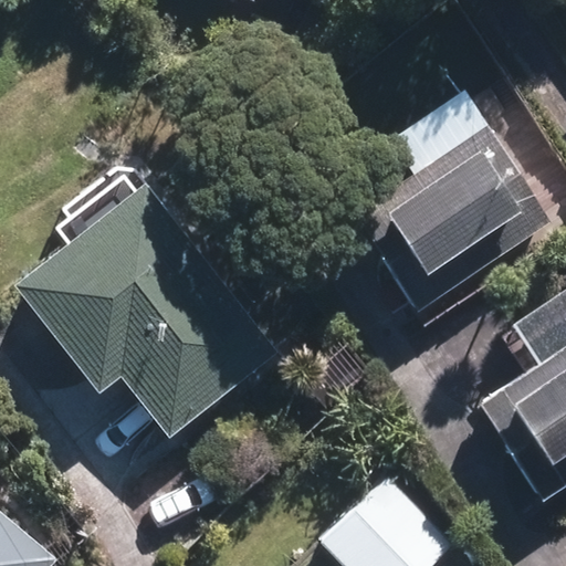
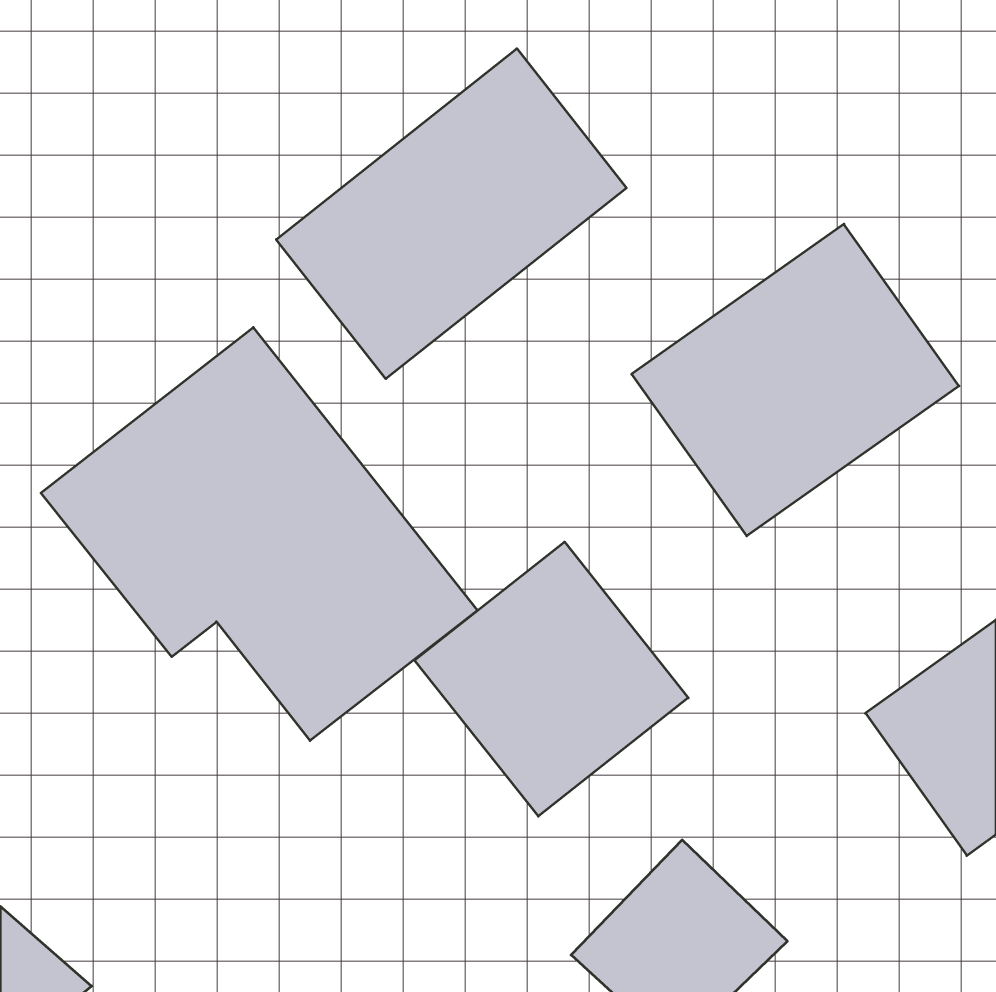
building: none -> [276,49,626,379]
building: none -> [415,542,688,816]

